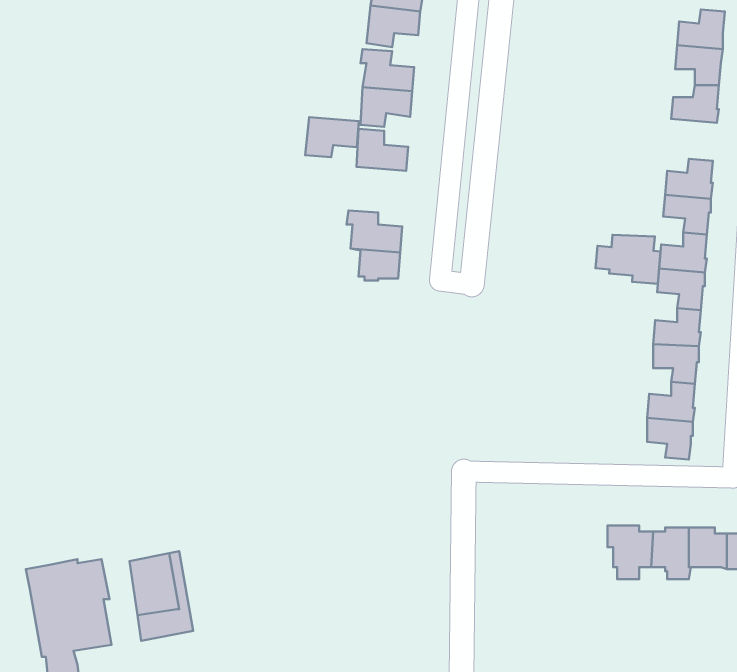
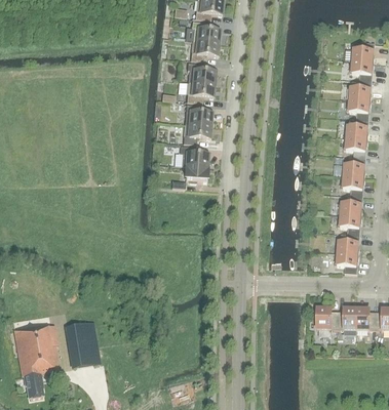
building: [305,117,359,157] -> [183,122,210,142]
building: none -> [346,97,371,119]
building: [596,235,661,284] -> none

